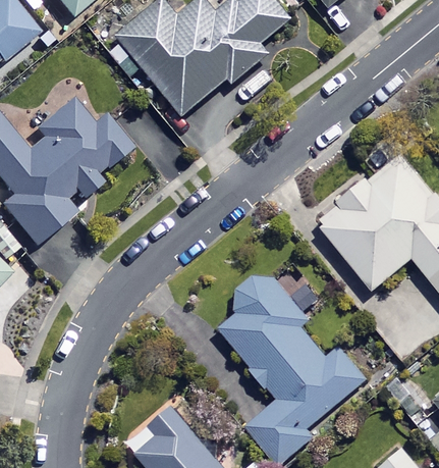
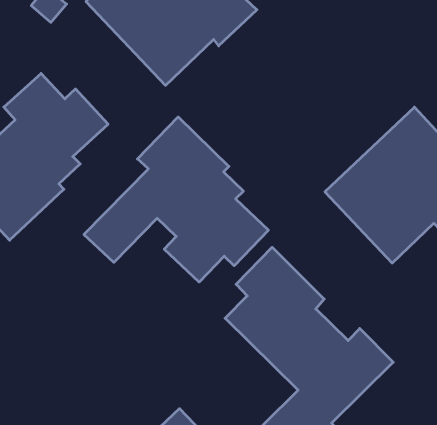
building: none -> [84,117,268,282]

